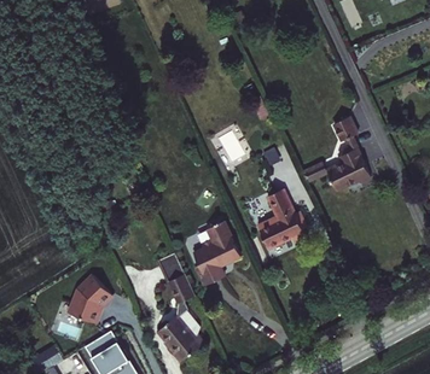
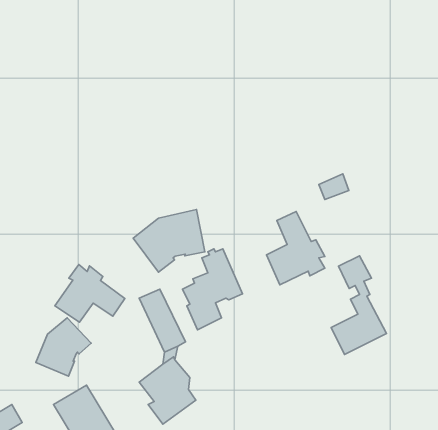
building: [327,113,372,193] -> [331,256,386,355]
building: none -> [133,209,205,272]
building: none -> [55,265,125,322]

